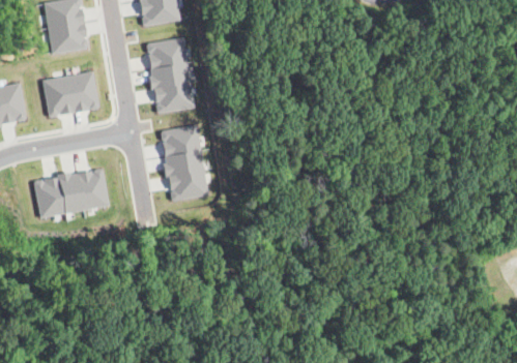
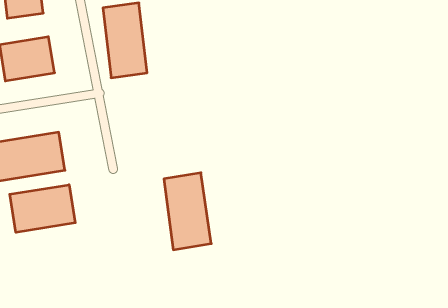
building: [161,124,208,202] -> [164,173,211,250]
building: none -> [10,185,75,232]

